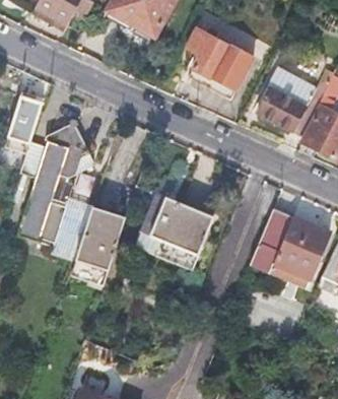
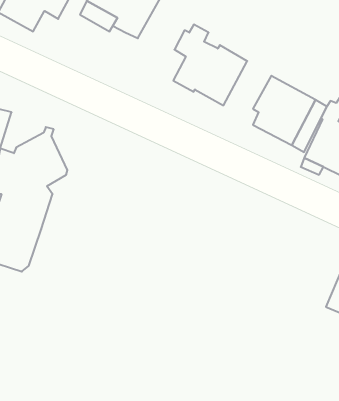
building: [134,192,214,268] -> none
building: [74,205,126,270] -> none
building: [248,209,328,279] -> none

